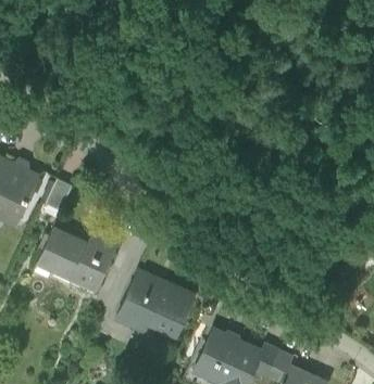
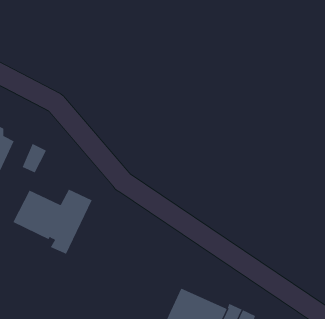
building: [116,271,192,334] -> none

